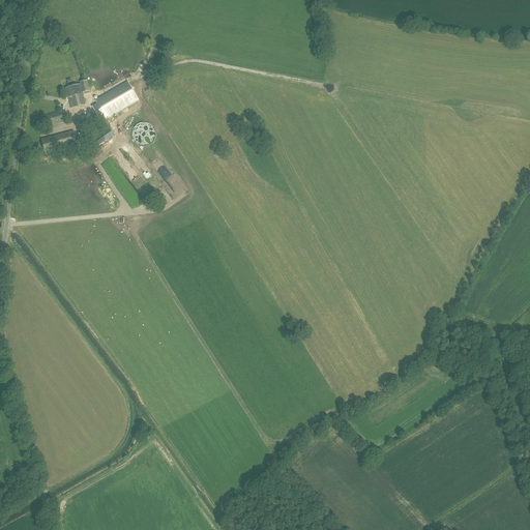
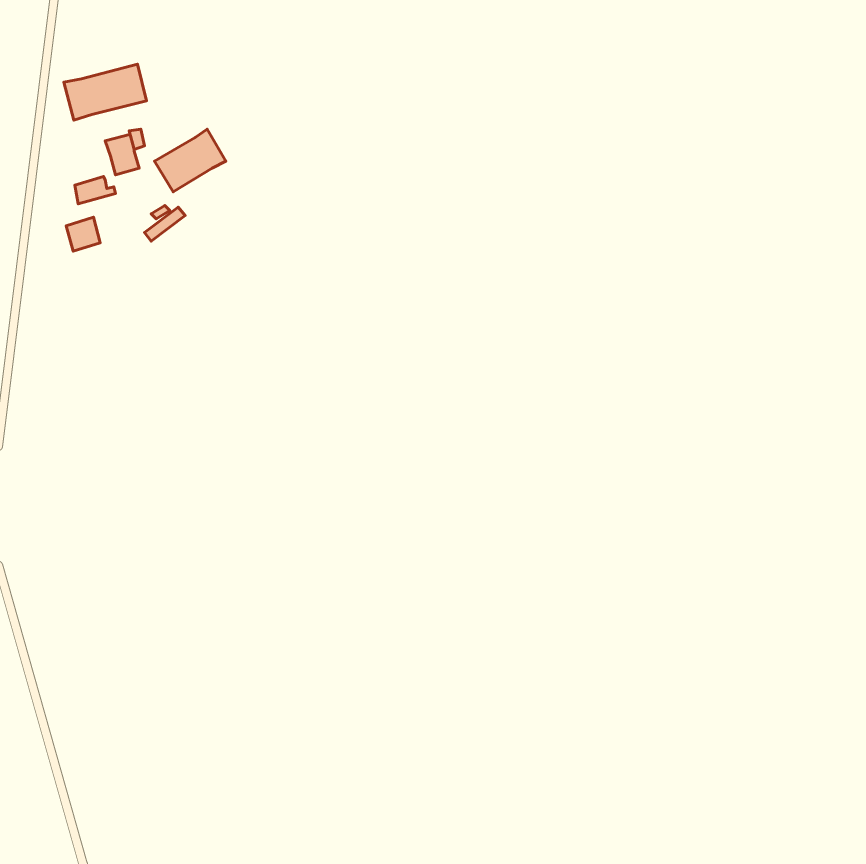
building: none -> [64,64,146,120]

